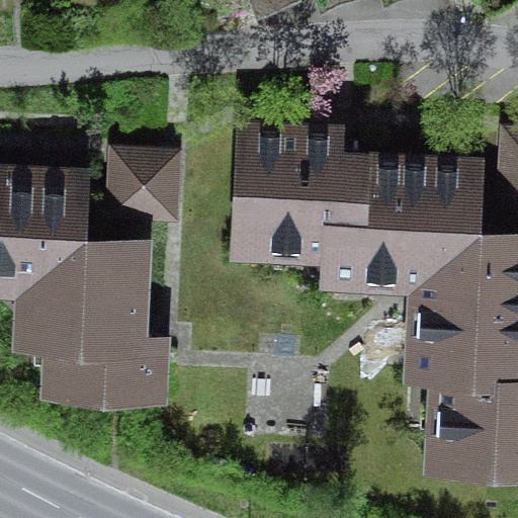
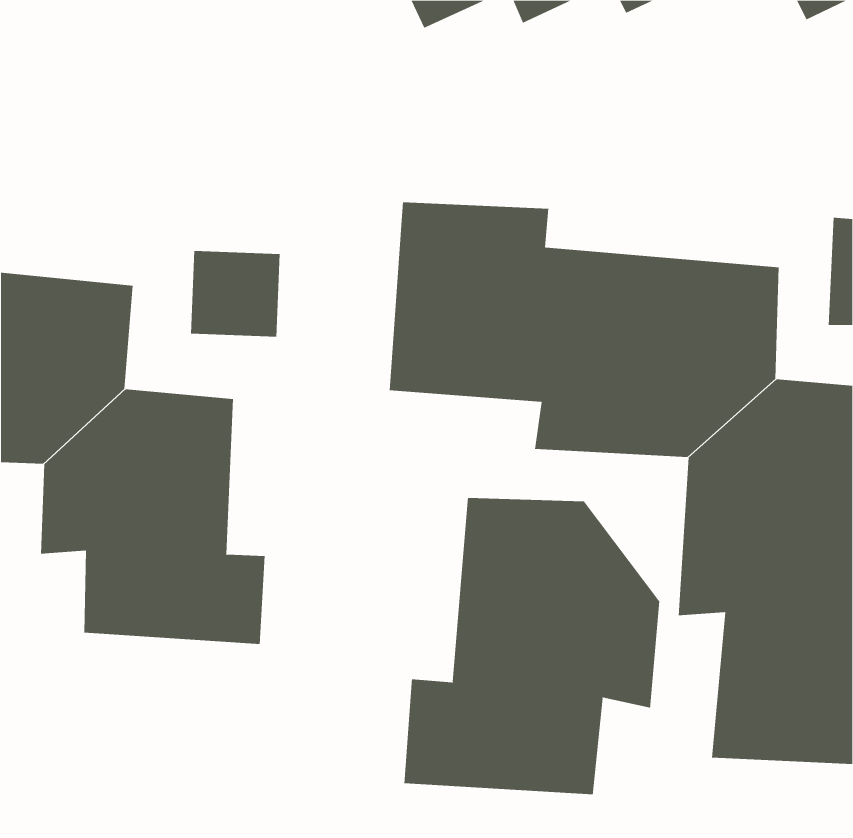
building: none -> [404,497,660,795]

